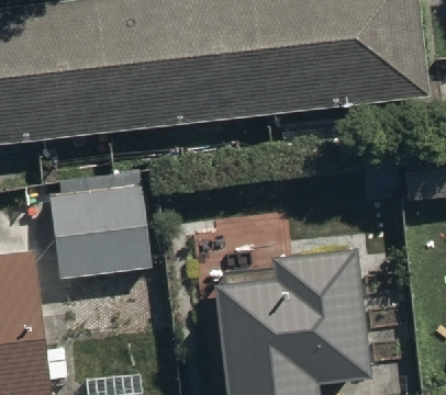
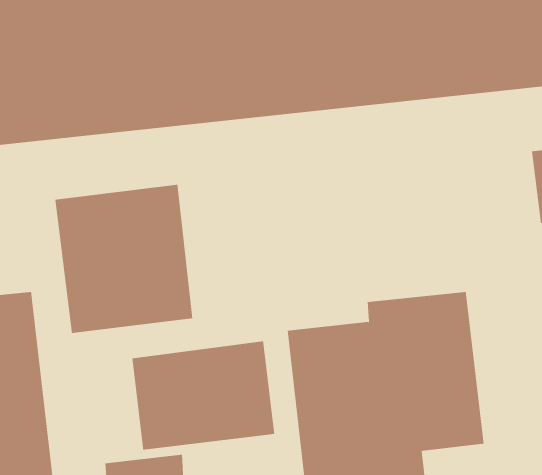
building: none -> [132,341,275,450]

